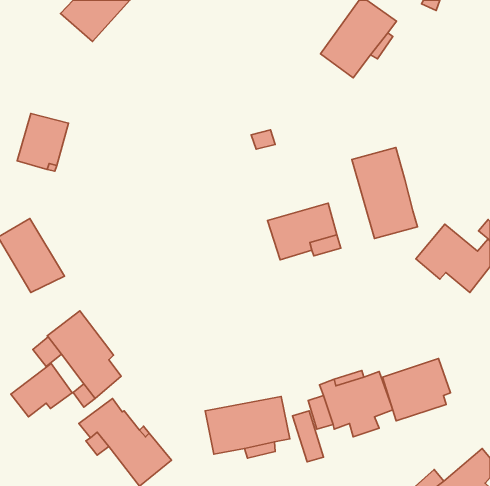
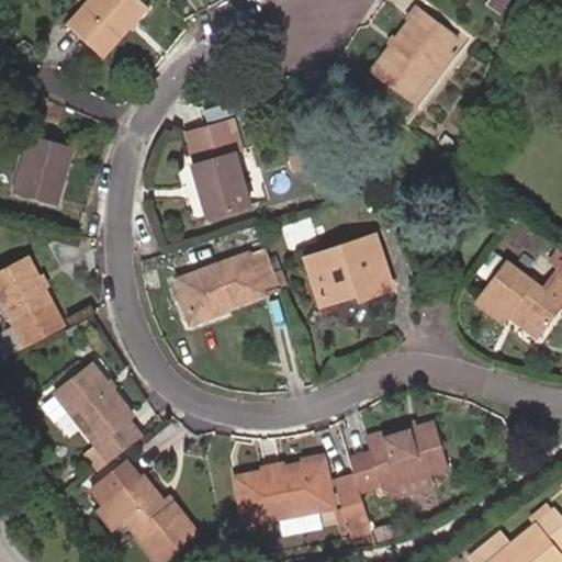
building: none -> [184,121,247,215]
building: [352,148,417,238] -> none
building: none -> [177,246,277,316]
building: [383,358,450,421] -> none
building: [11,364,72,417] -> none

